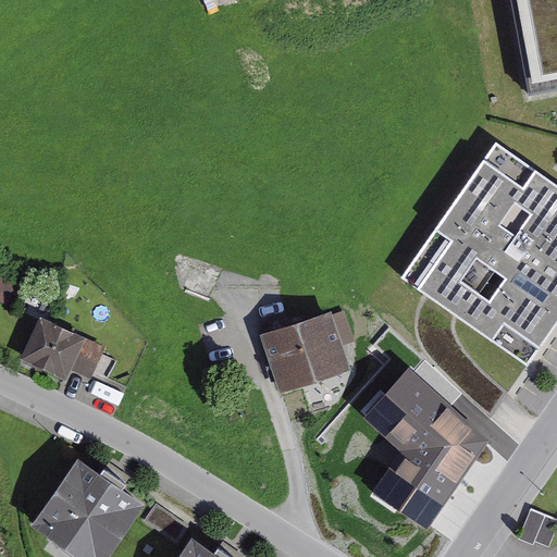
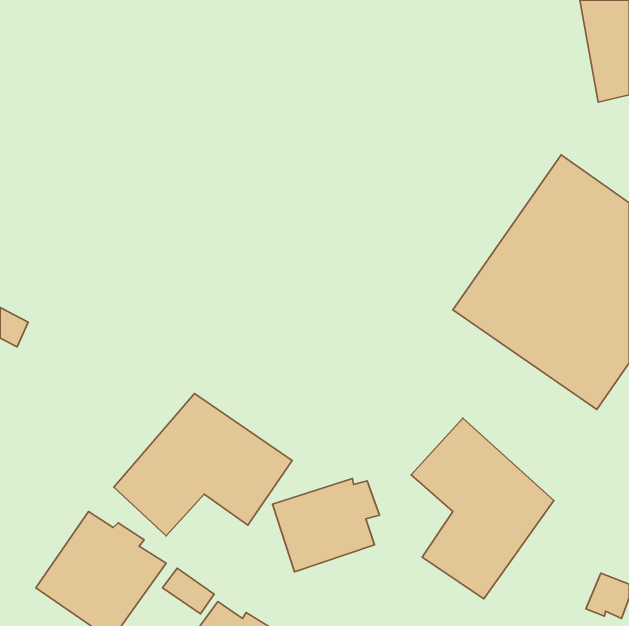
building: [261,310,356,393] -> [272,478,379,572]
building: [21,317,108,381] -> none
building: none -> [114,394,292,536]

